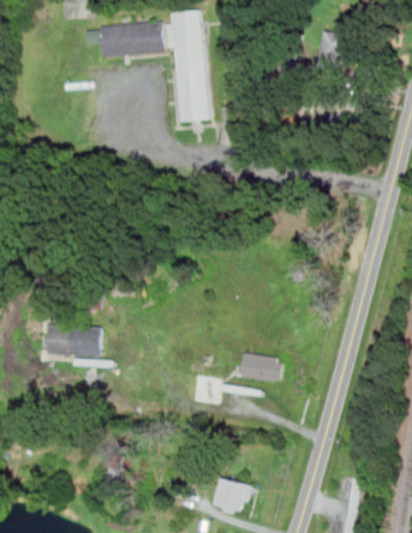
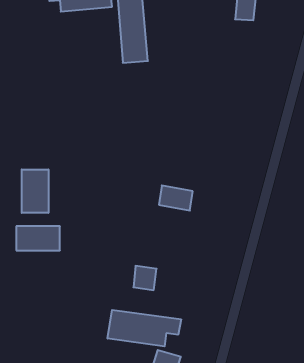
building: none -> [22,169,48,213]
building: [240,352,282,383] -> [159,185,193,211]
building: none -> [108,310,181,346]

